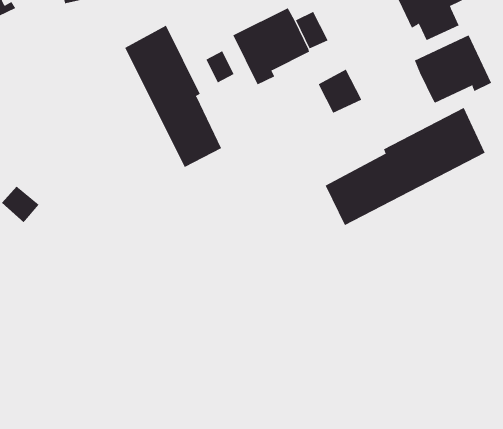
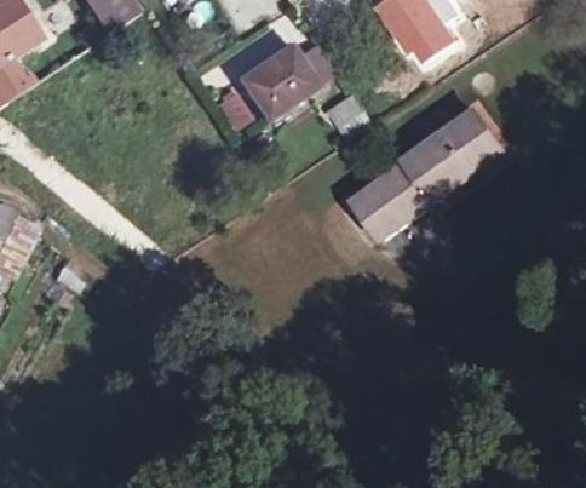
building: [124,25,222,168] -> none
building: [414,34,492,103] -> none

